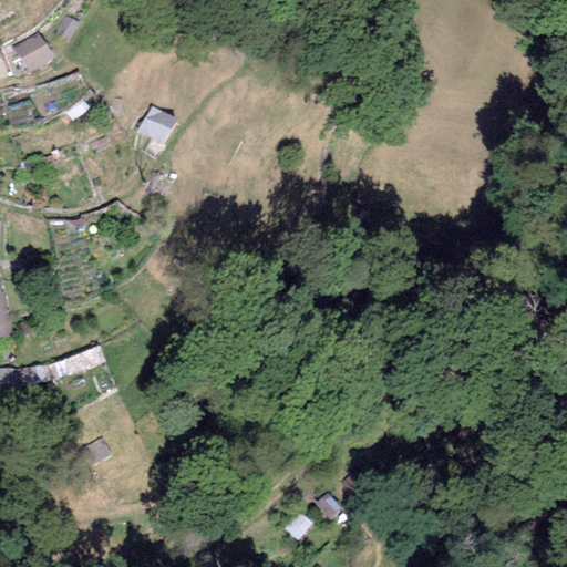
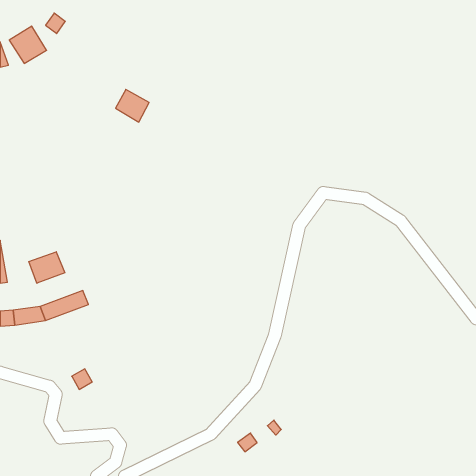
building: none -> [29,252,65,283]

